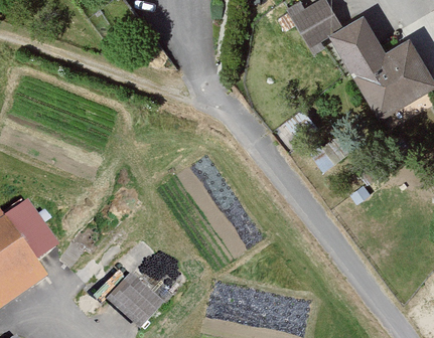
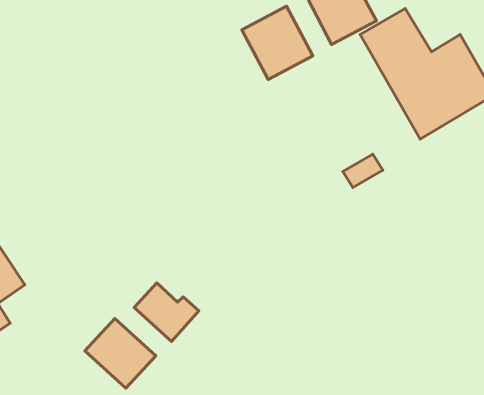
building: none -> [242,6,313,80]
building: none -> [134,283,199,342]

